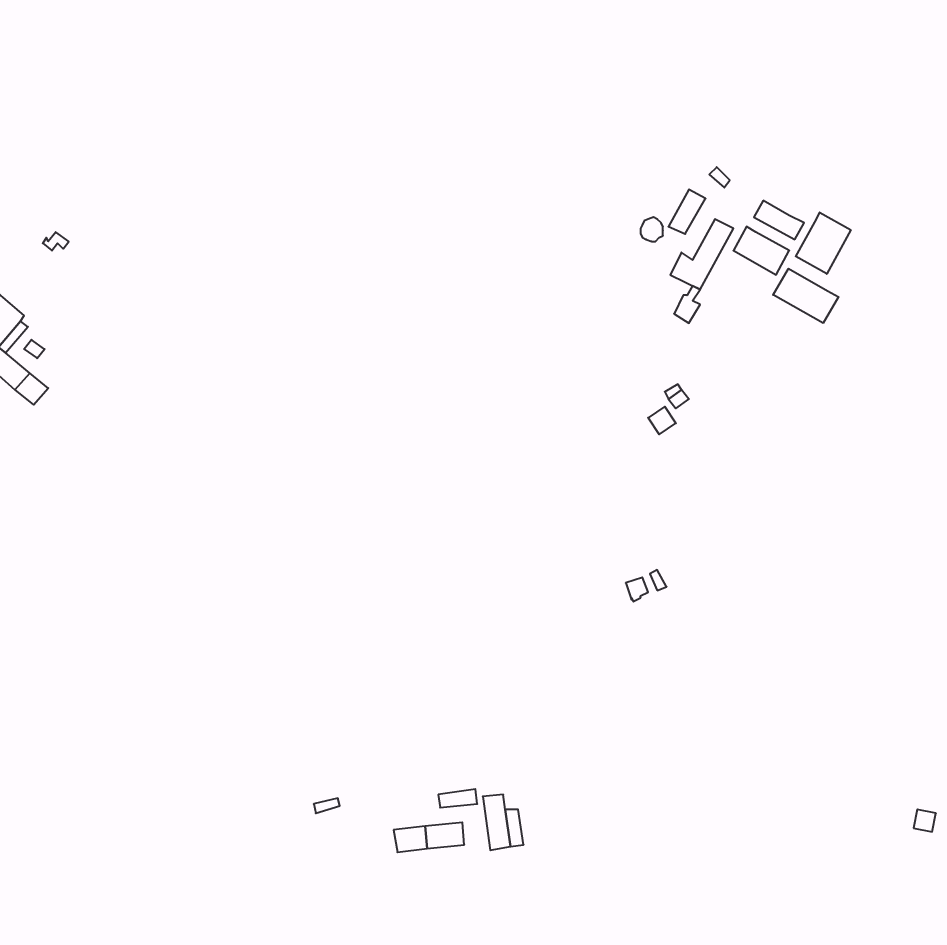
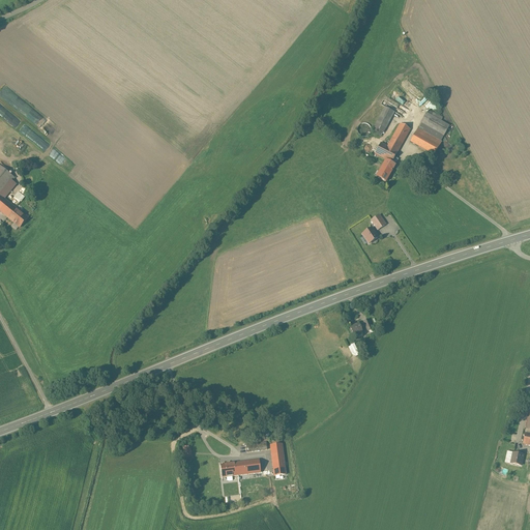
building: [796,212,851,274] -> none
building: [773,269,839,323] -> none

